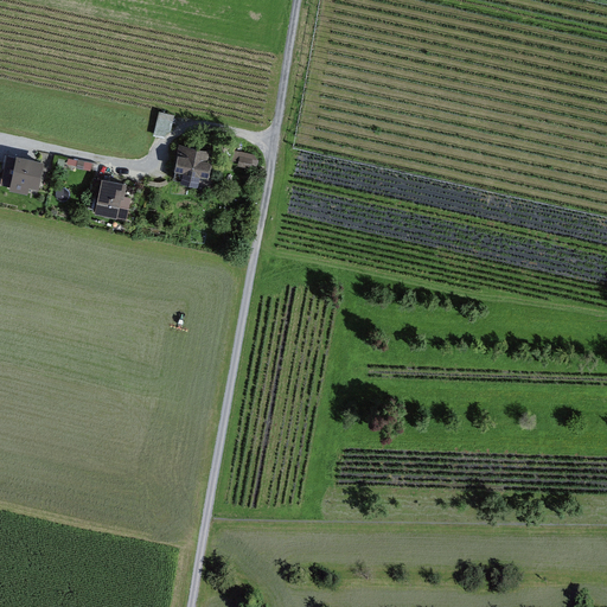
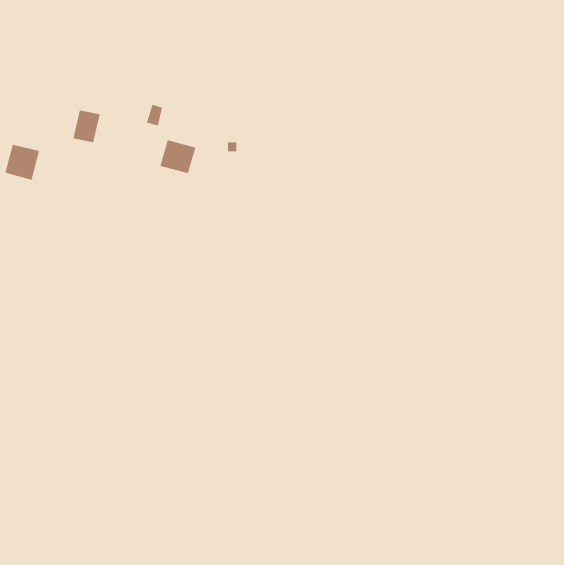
building: [94,180,123,216] -> [73,110,100,143]

